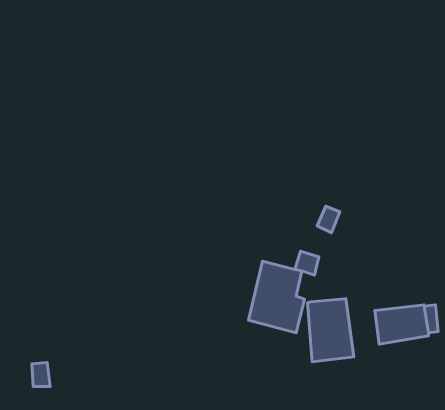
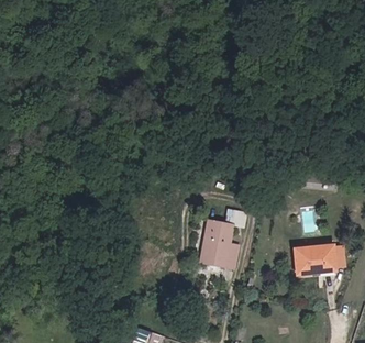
building: [308,298,354,362] -> none

